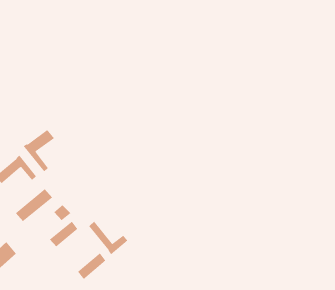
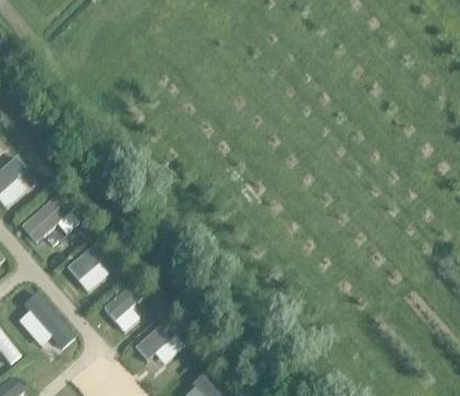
building: [23,129,55,172] -> none
building: [88,221,128,255] -> none

